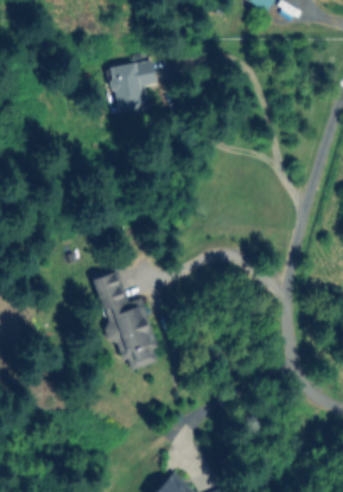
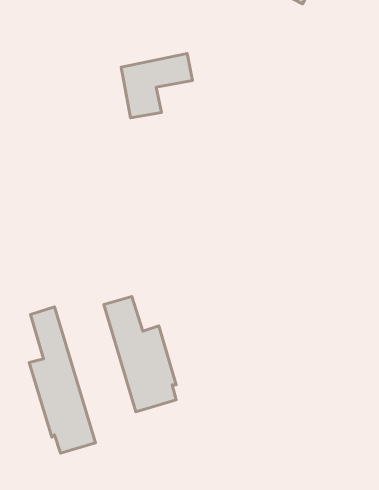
building: none -> [29,307,95,453]

